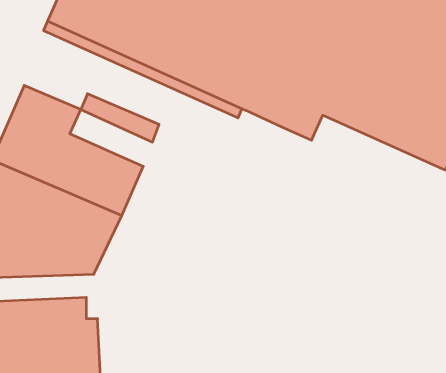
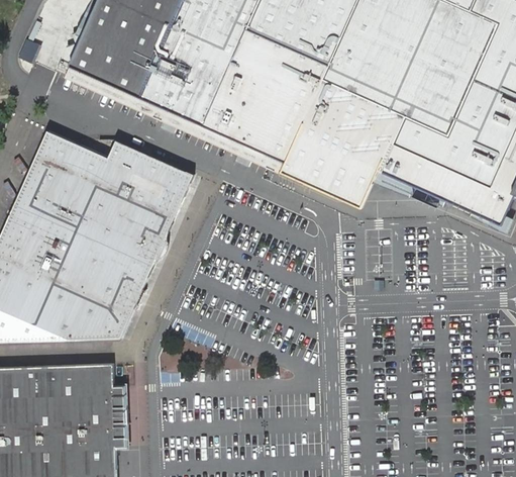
building: none -> [96,159,186,220]
building: none -> [284,160,380,205]

